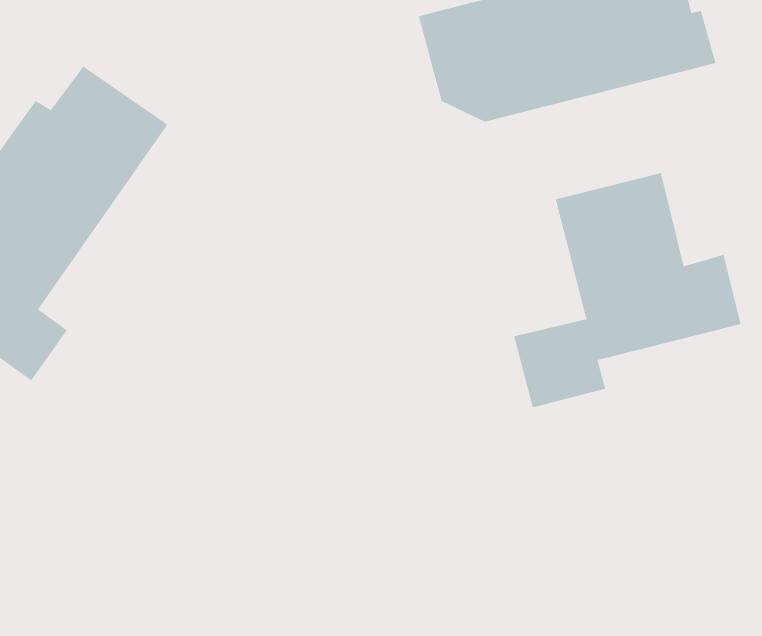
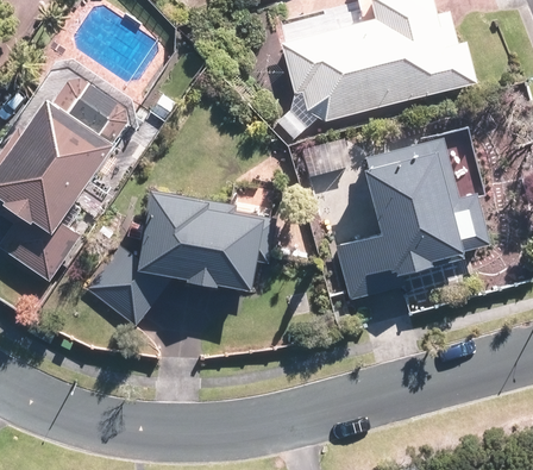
building: none -> [90,196,262,326]

